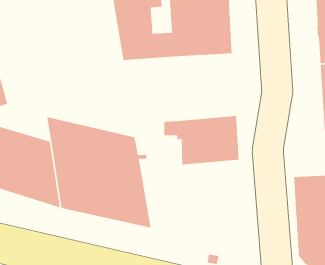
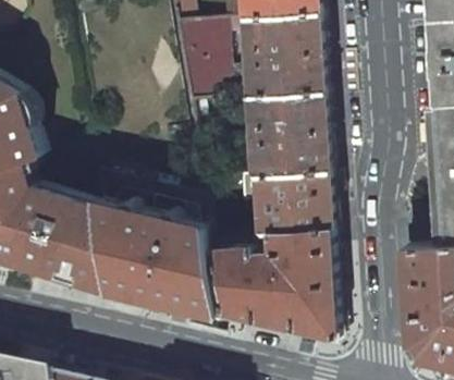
building: none -> [245,96,329,180]
building: none -> [208,230,339,342]

